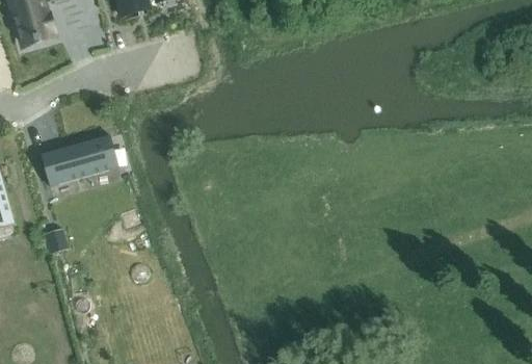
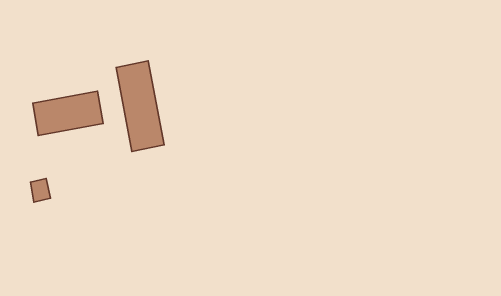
building: none -> [116,61,164,152]

